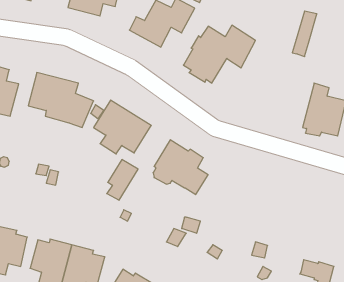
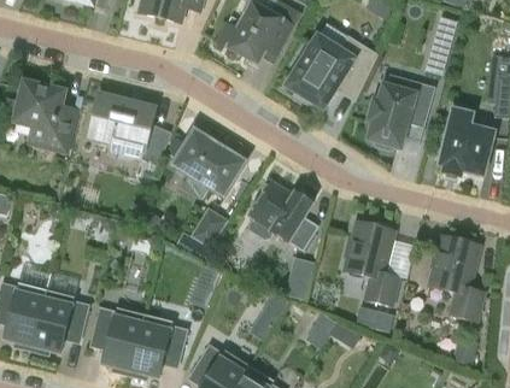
building: none -> [368,75,436,148]
building: none -> [345,218,400,305]
building: none -> [429,235,485,321]

